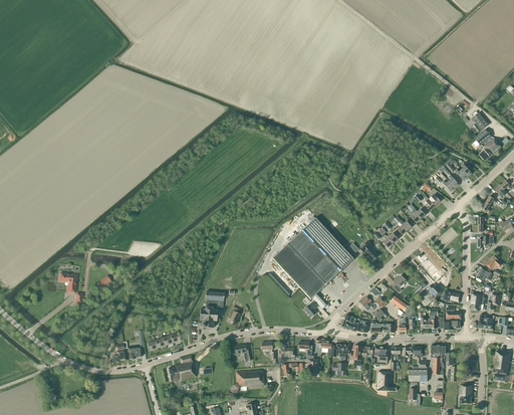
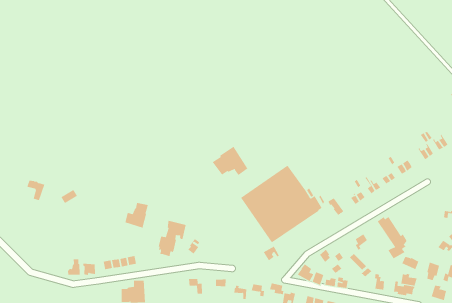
building: none -> [212,146,248,176]
building: none -> [125,202,149,228]

